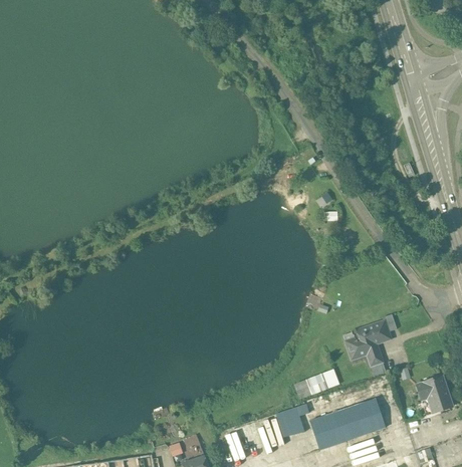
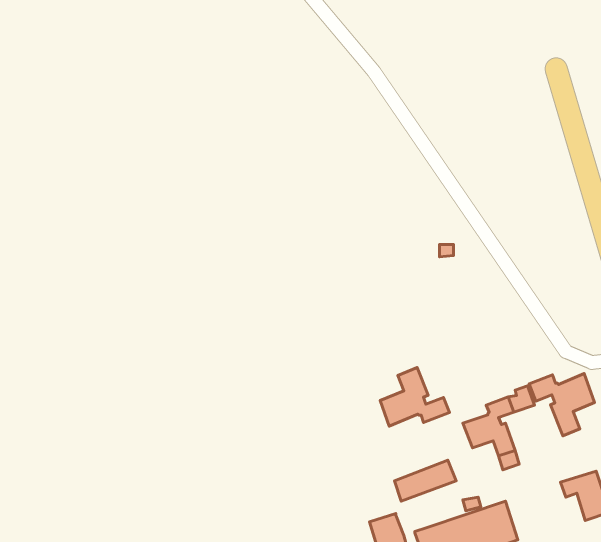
building: none -> [380,368,450,426]
building: none -> [529,374,595,436]

